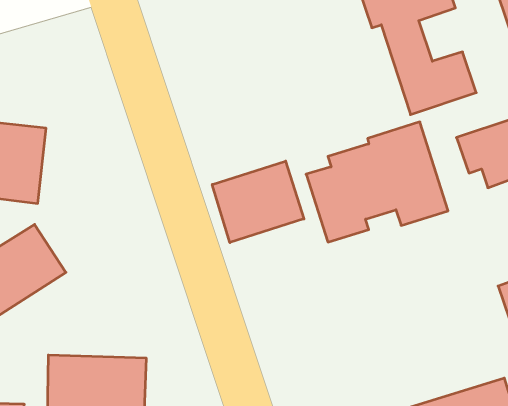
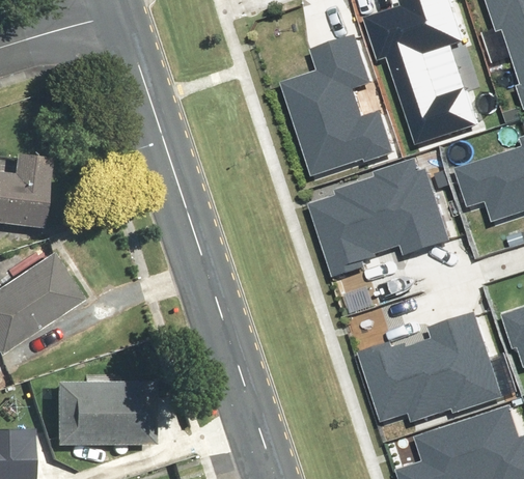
building: none -> [284,36,393,174]
building: [212,161,304,243] -> none
building: none -> [361,310,505,422]

